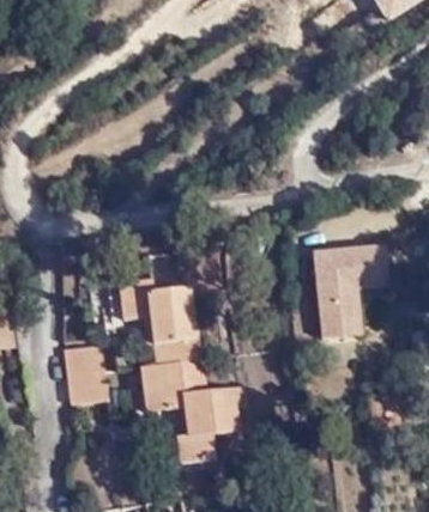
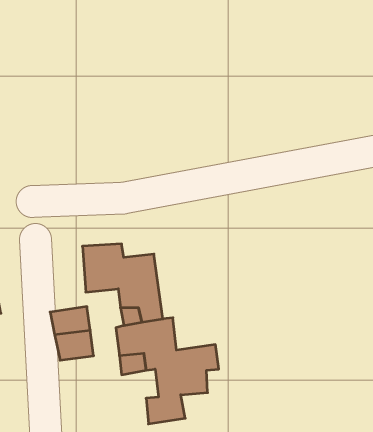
building: [310,246,393,343] -> none

